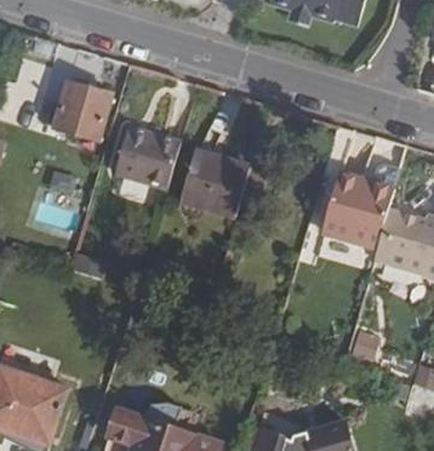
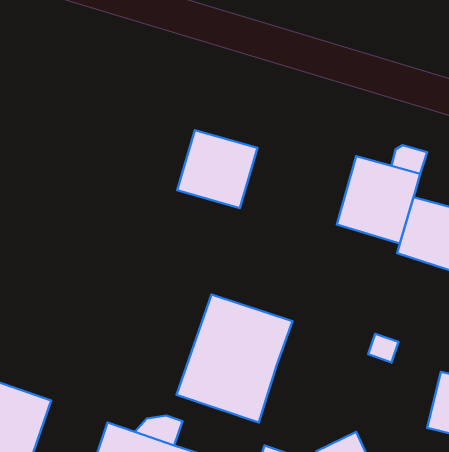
building: [51,79,112,141] -> none
building: [113,124,182,188] -> none
building: none -> [176,295,293,422]

